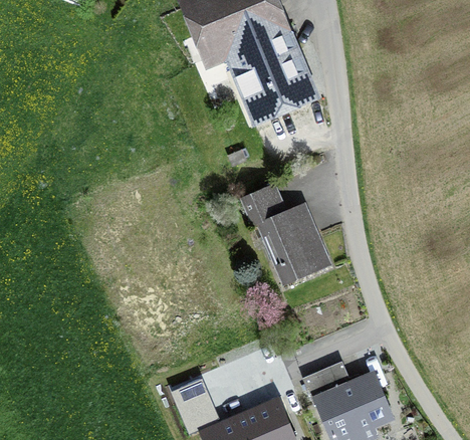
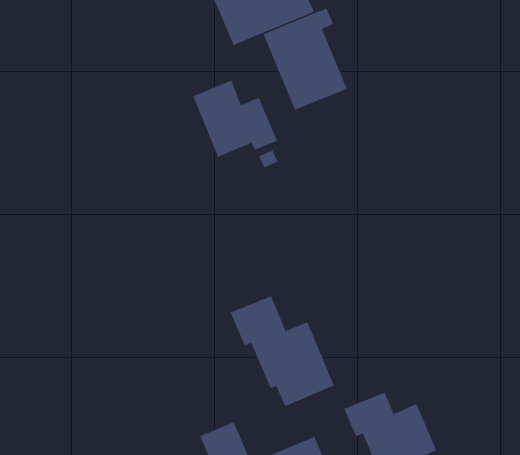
building: none -> [192,80,278,158]
building: [236,185,329,284] -> [229,295,335,407]

